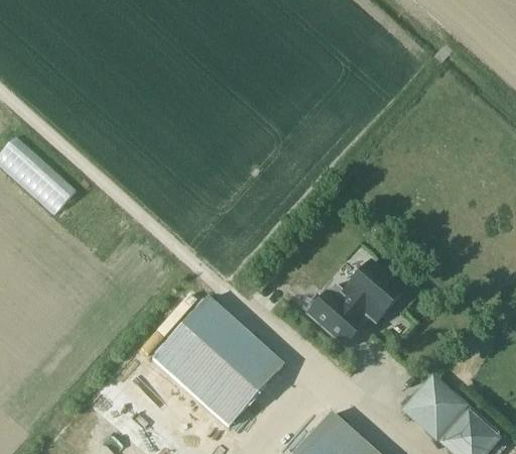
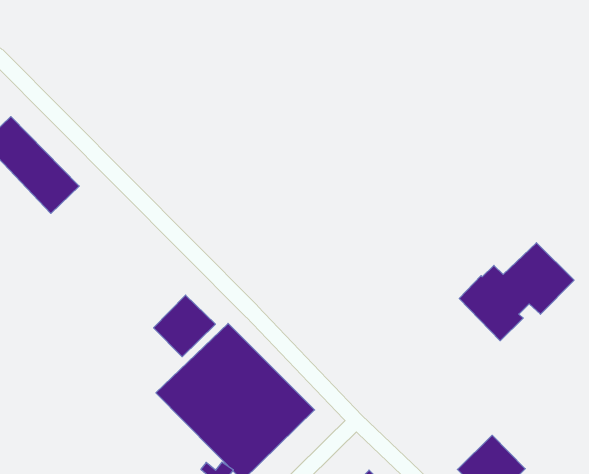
building: [307,261,402,345] -> [459,243,574,341]
building: none -> [154,295,215,357]

